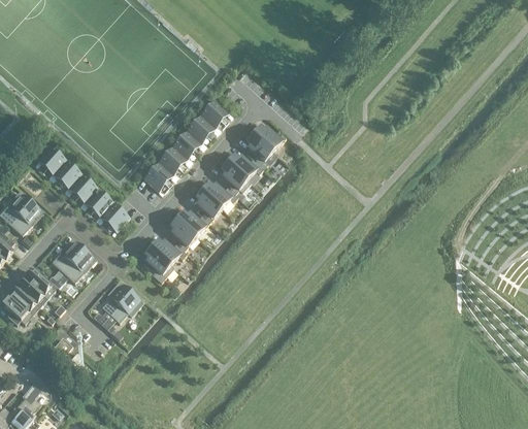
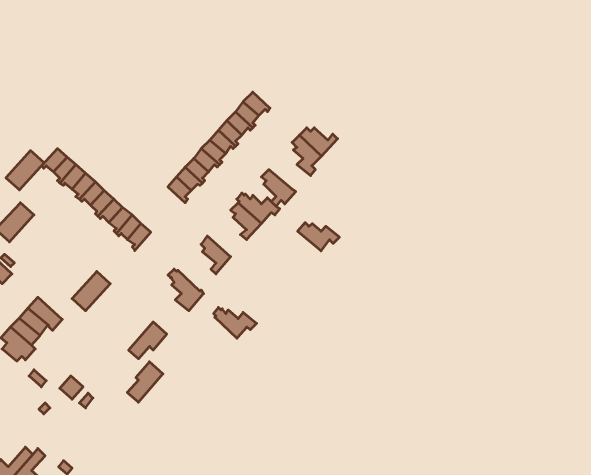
building: [226,157,261,180] -> [298,223,339,251]
building: [8,202,40,235] -> [6,151,44,190]
building: [174,213,207,237] -> none
building: [50,239,81,272] -> none
building: [148,240,185,266] -> [214,307,257,338]
building: [99,282,129,316] -> [127,362,163,402]

